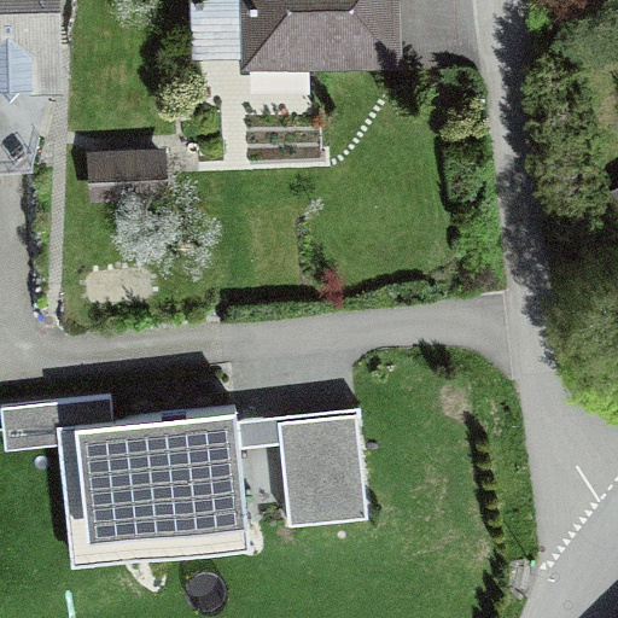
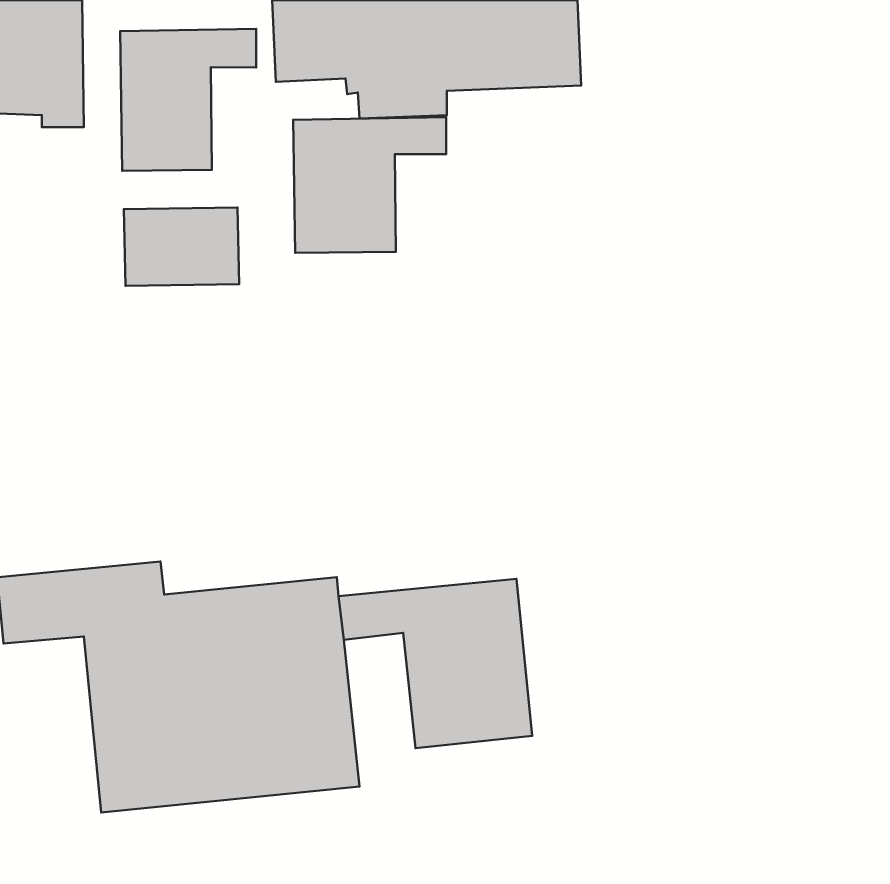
building: none -> [120,29,256,171]
building: none -> [293,117,446,253]

